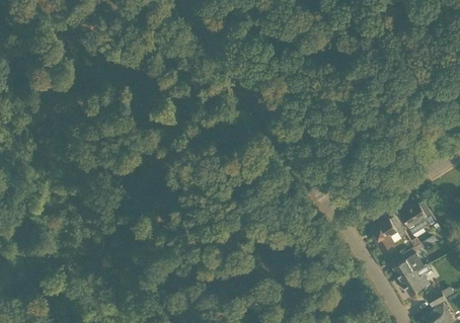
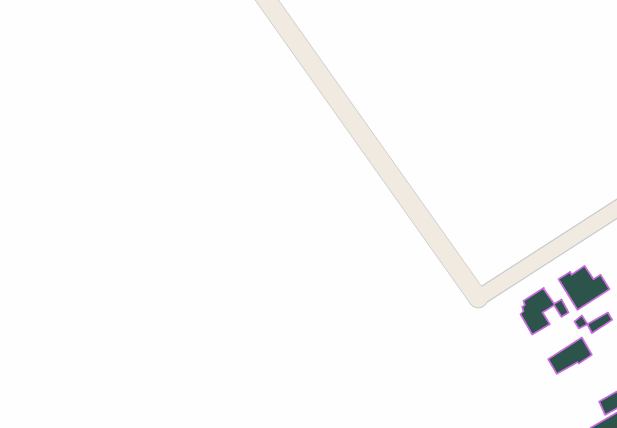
building: [400,270,431,297] -> none

